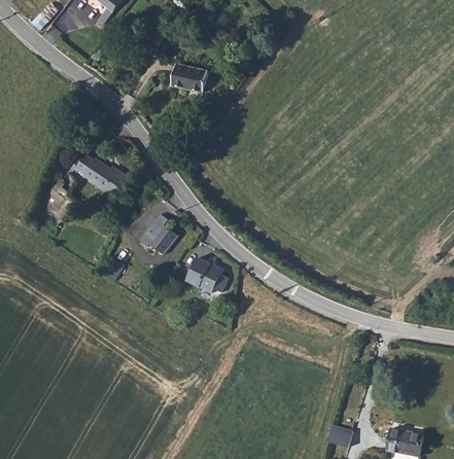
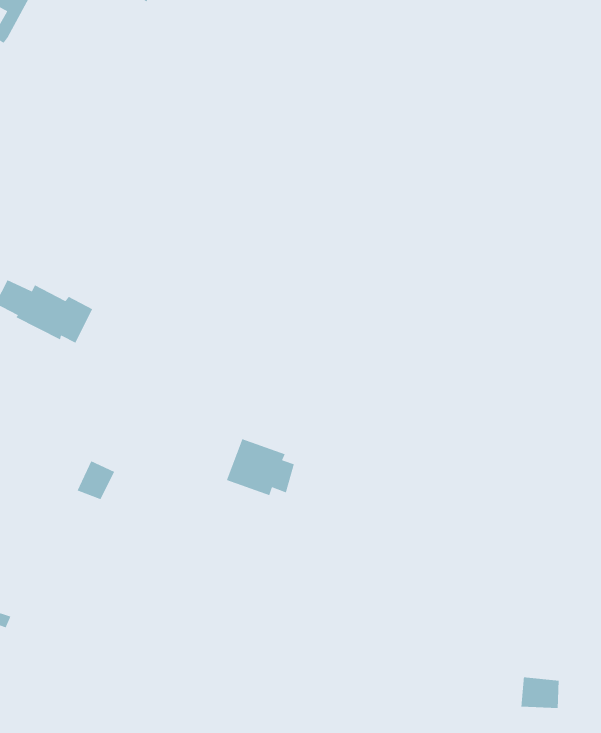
building: [169,61,204,87] -> none
building: [143,219,180,257] -> none

